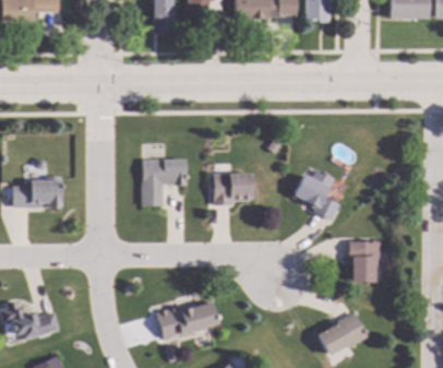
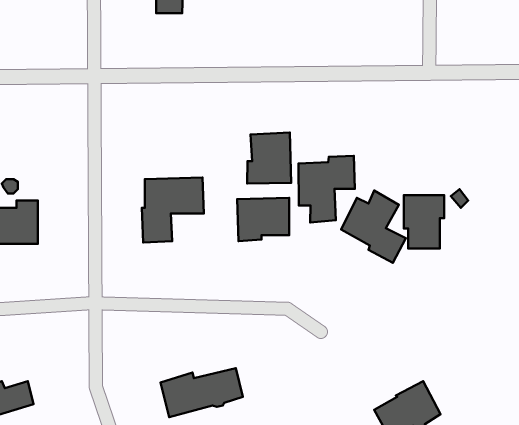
building: none -> [247,133,291,184]
building: none -> [298,156,355,222]
building: [349,240,380,281] -> [404,195,444,249]

